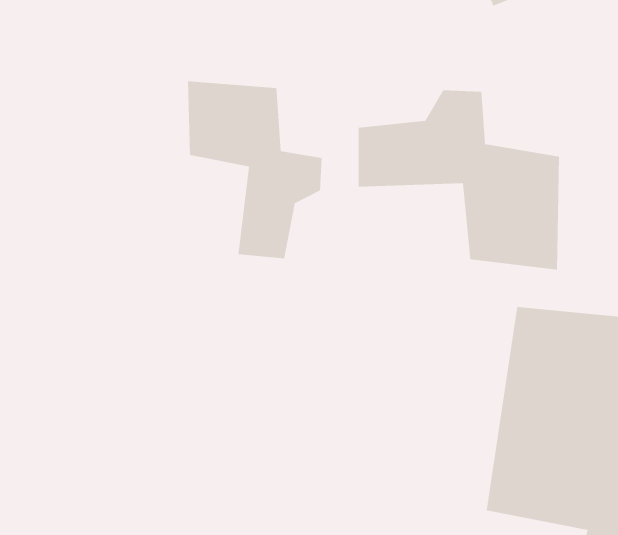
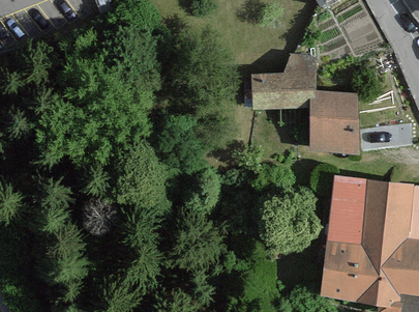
building: [188,81,322,259] -> none

